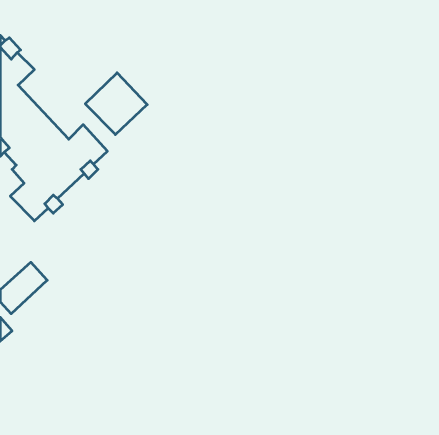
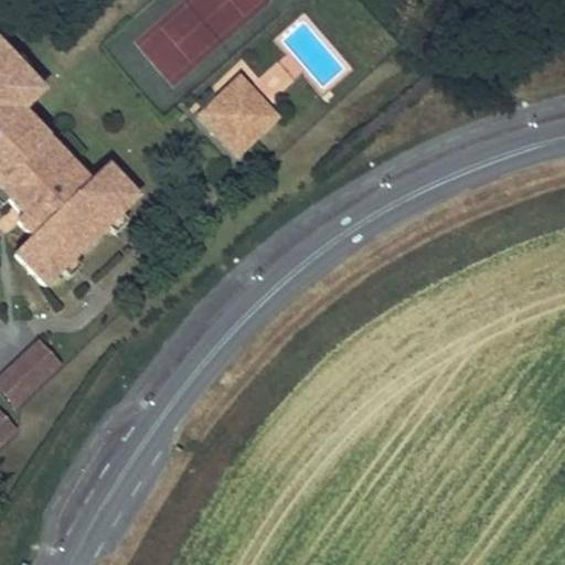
building: [85,73,147,135] -> [199,72,278,151]

